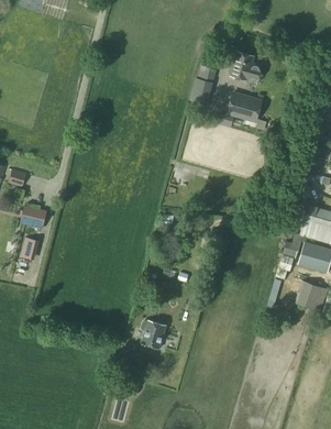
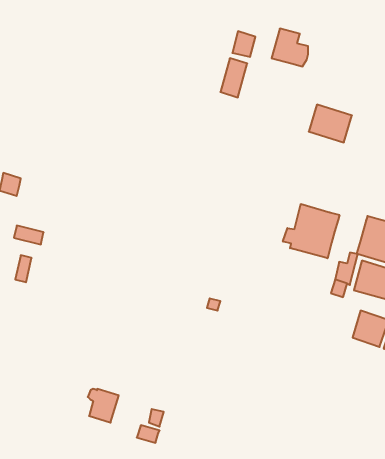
building: [228,91,263,122] -> [309,105,352,142]
building: none -> [283,204,339,258]
building: [141,320,166,348] -> [88,389,119,423]

